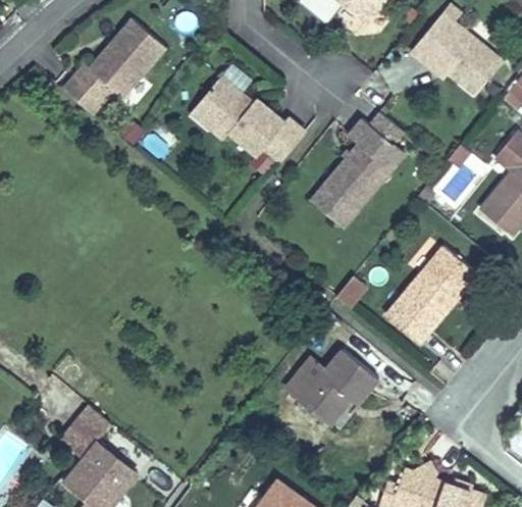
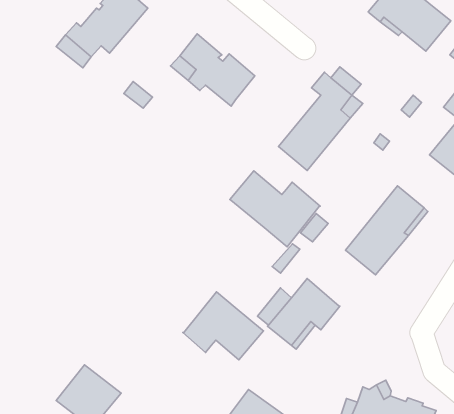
building: [263,117,305,162] -> none
building: none -> [230,171,320,247]
building: none -> [183,292,263,360]
building: [60,404,110,456] -> none

